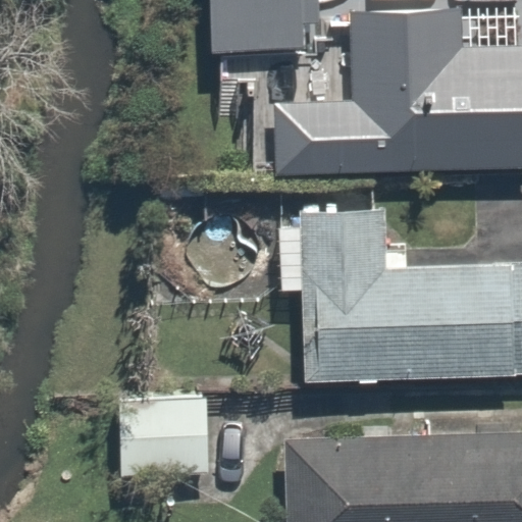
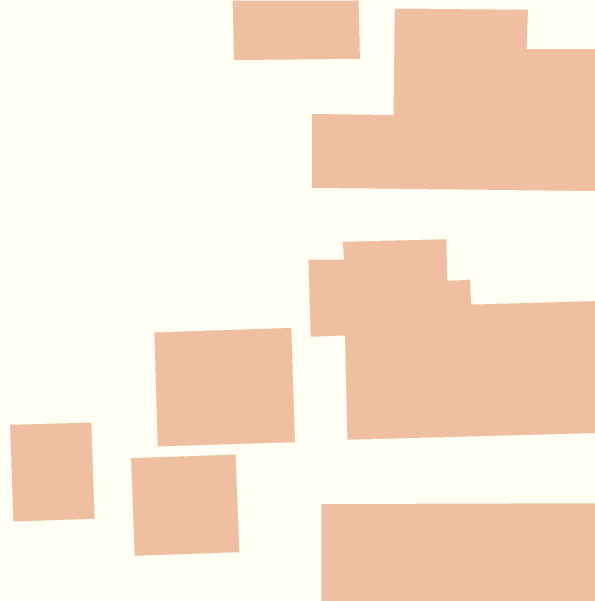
building: none -> [154,327,295,447]
building: none -> [10,422,95,522]

